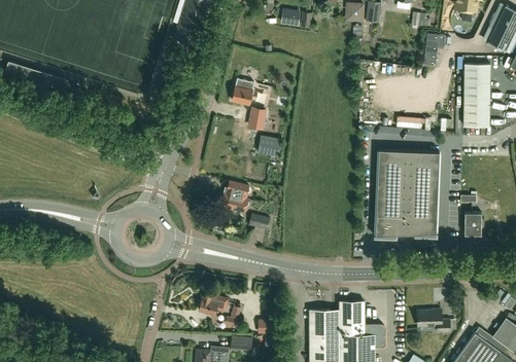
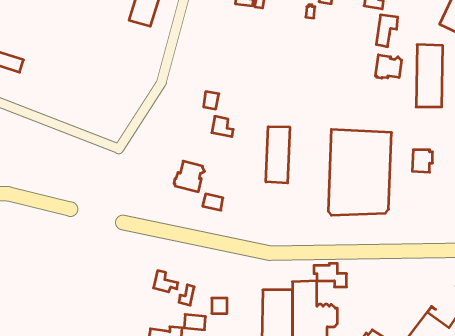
building: none -> [375,55,402,78]
building: [232,80,253,106] -> none
building: none -> [266,127,290,183]
building: [463,213,484,236] -> [412,150,433,172]
building: [417,309,450,332] -> [314,263,347,287]

